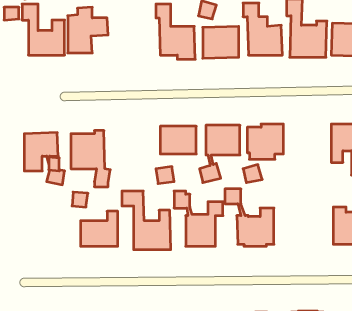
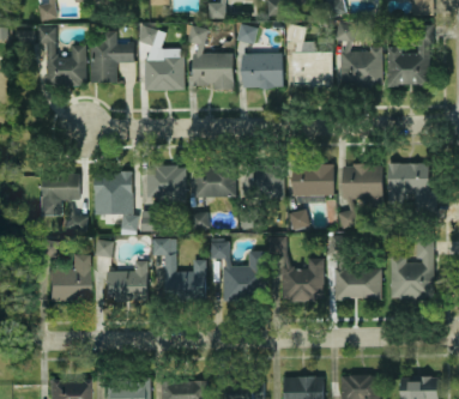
building: none -> [139,29,183,91]
building: none -> [337,163,382,229]
building: none -> [141,164,186,230]
building: none -> [325,235,380,300]
building: none -> [40,241,90,302]

